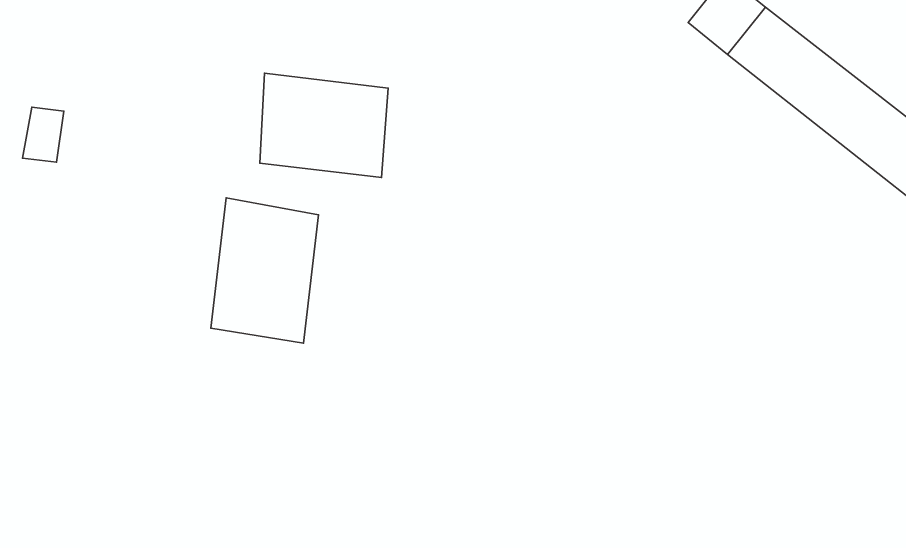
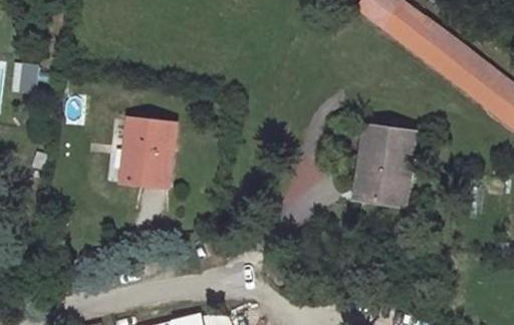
building: [260,73,388,178] -> none
building: none -> [359,125,416,202]

